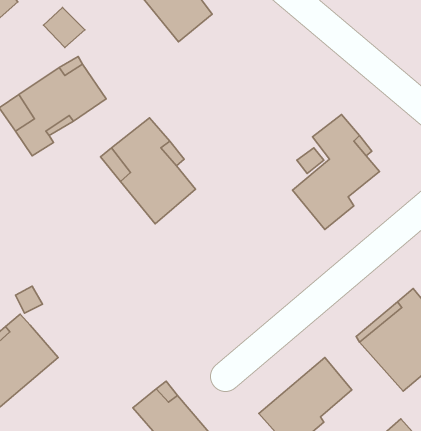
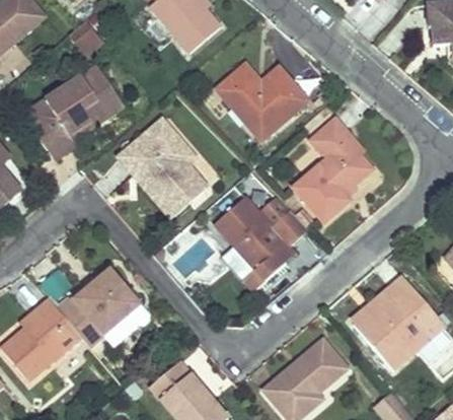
building: none -> [217,64,307,140]
building: none -> [215,197,305,290]
building: none -> [55,266,140,347]

